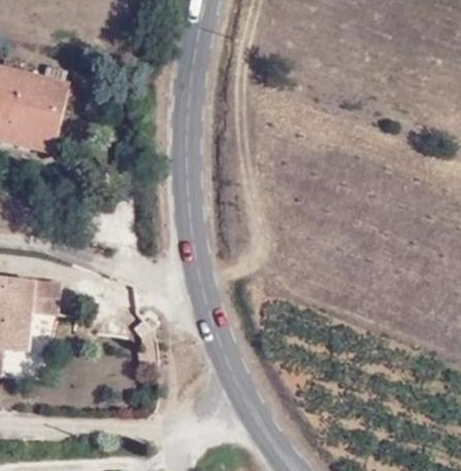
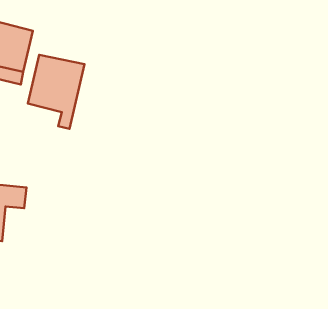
building: none -> [28,55,85,129]

